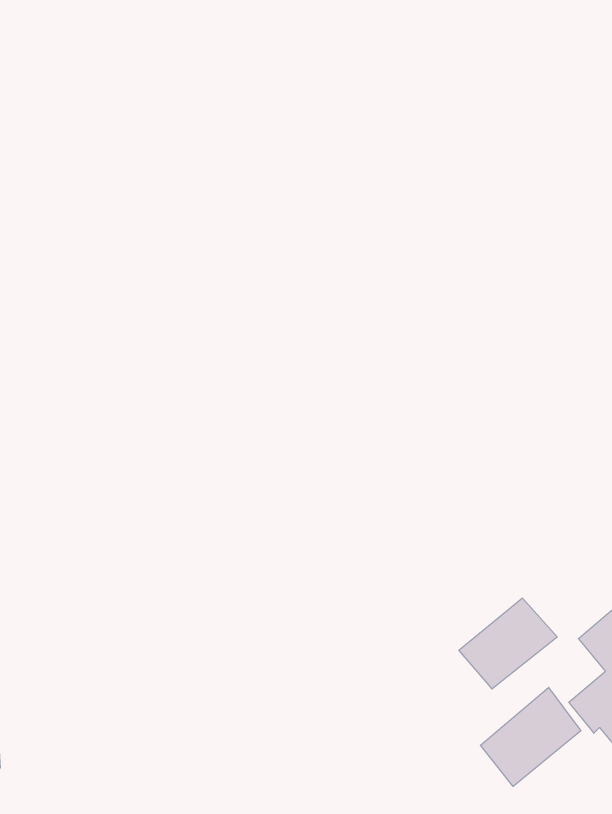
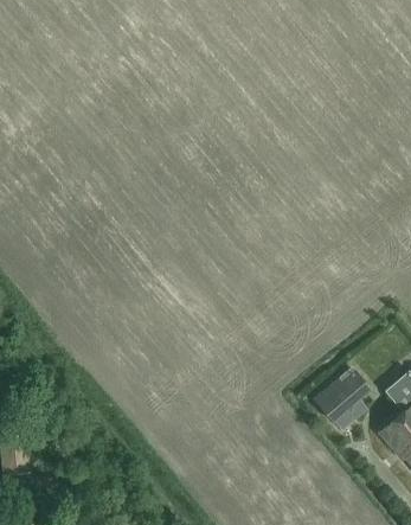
building: [480,687,581,786] -> none

